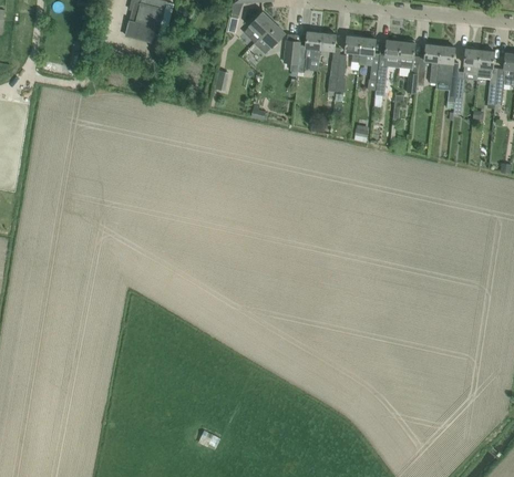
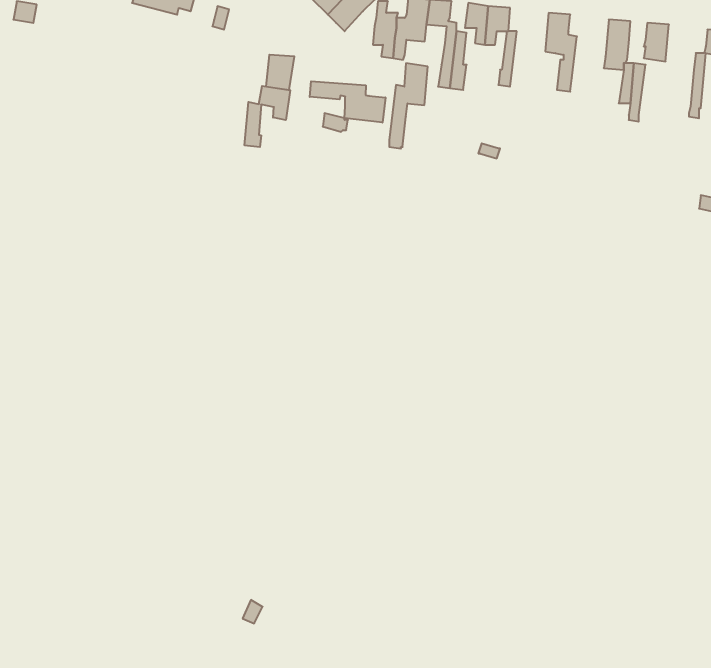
building: [374,39,400,95] -> [389,63,428,149]
building: [415,43,440,84] -> none
building: [477,49,496,103] -> none
building: none -> [310,81,385,123]
building: none -> [245,86,290,147]

